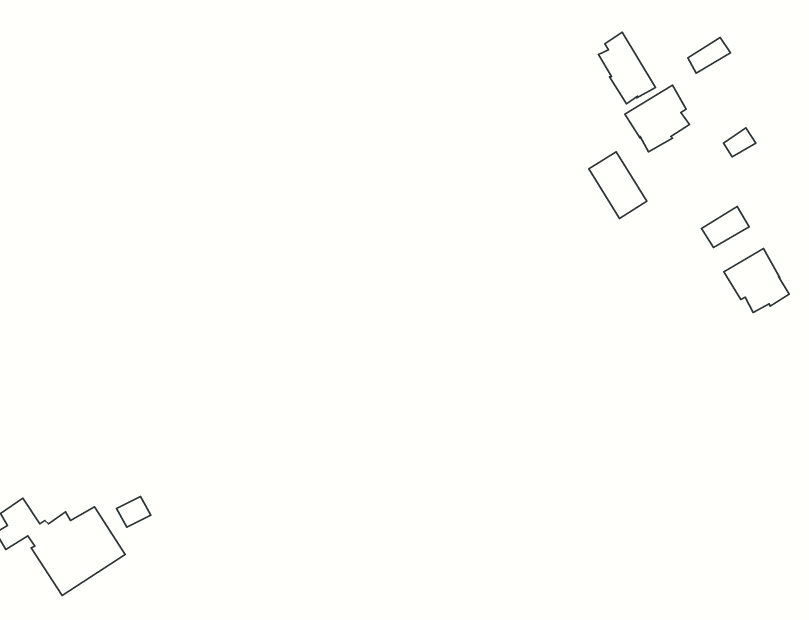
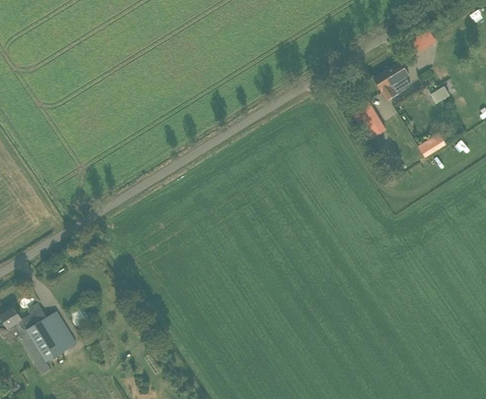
building: [598,32,656,104] -> none
building: [724,249,789,312] -> none

